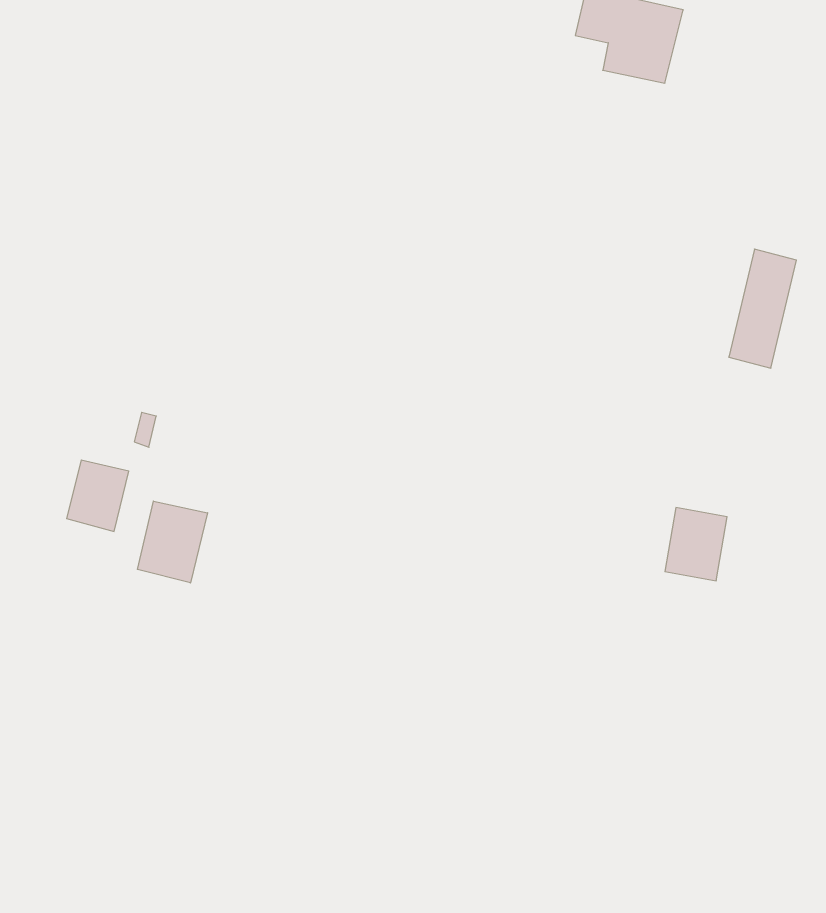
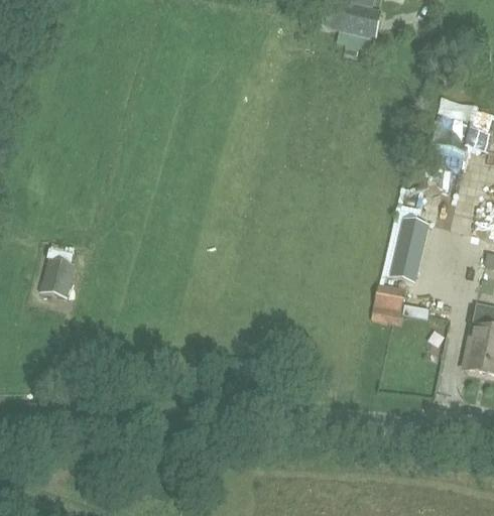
building: [729,249,796,368] -> [391,218,428,283]
building: [137,501,208,583] -> none

